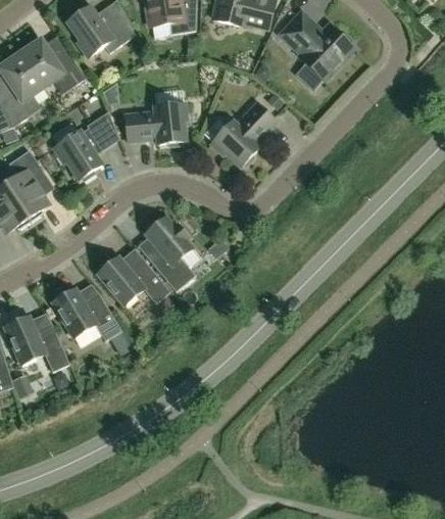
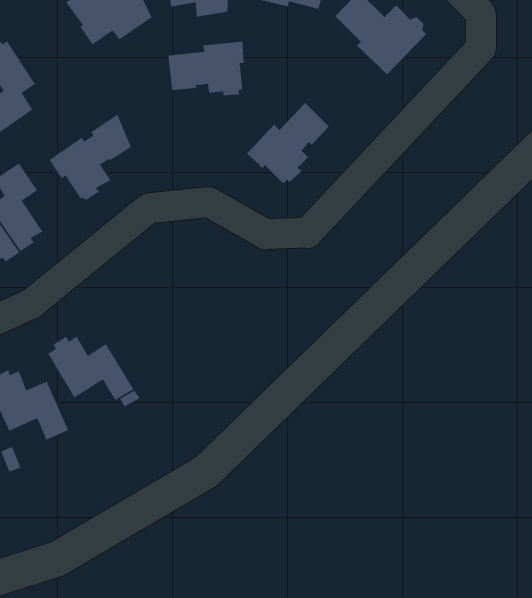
building: [19,38,85,93] -> none
building: [123,101,185,145] -> [167,41,244,96]
building: [144,216,195,290] -> none
building: [97,255,169,304] -> none

